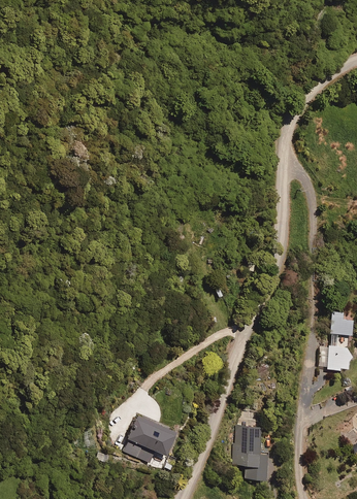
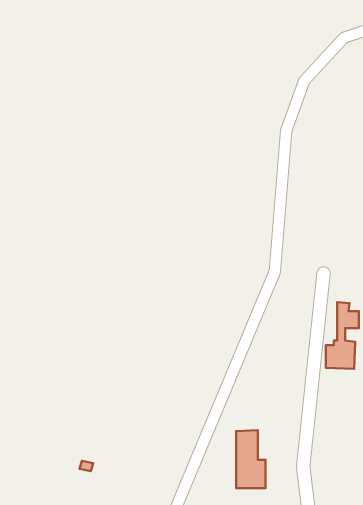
building: [126,415,175,464] -> none

